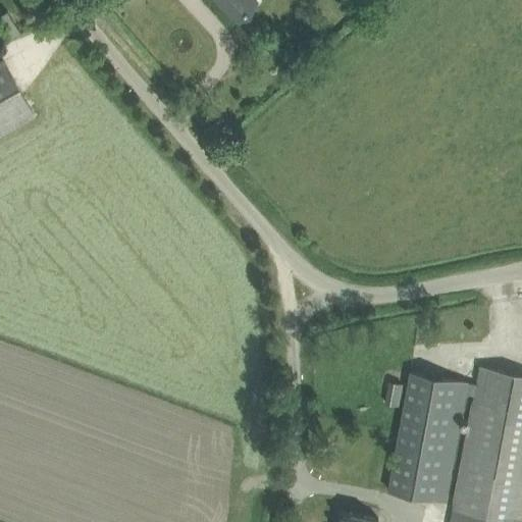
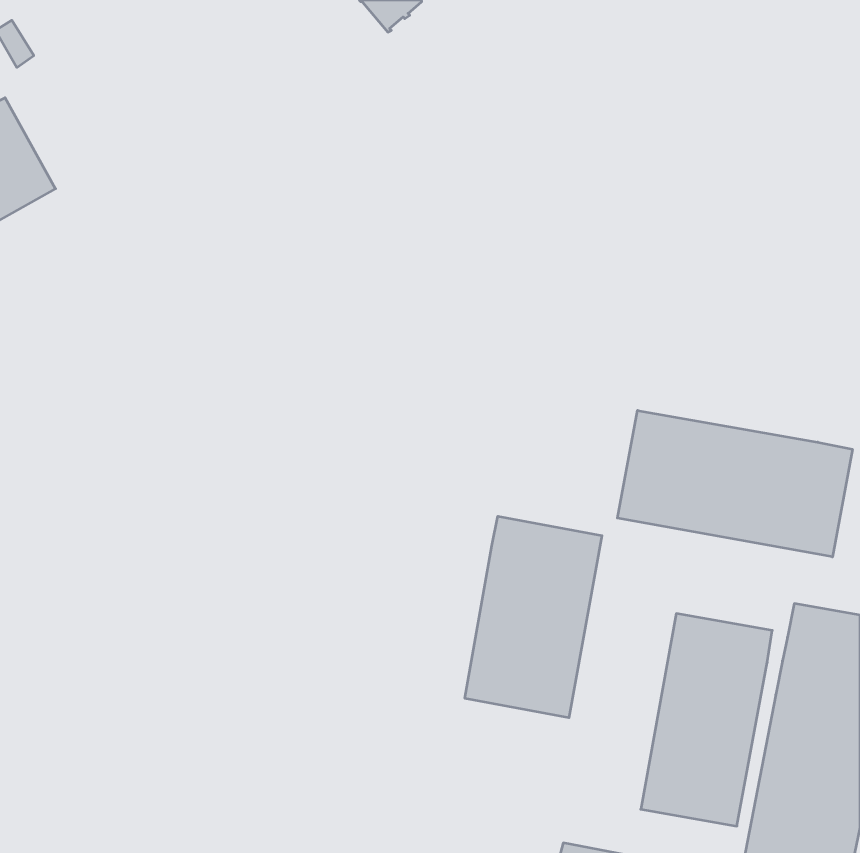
building: none -> [617,410,852,557]
building: none -> [465,516,602,718]

